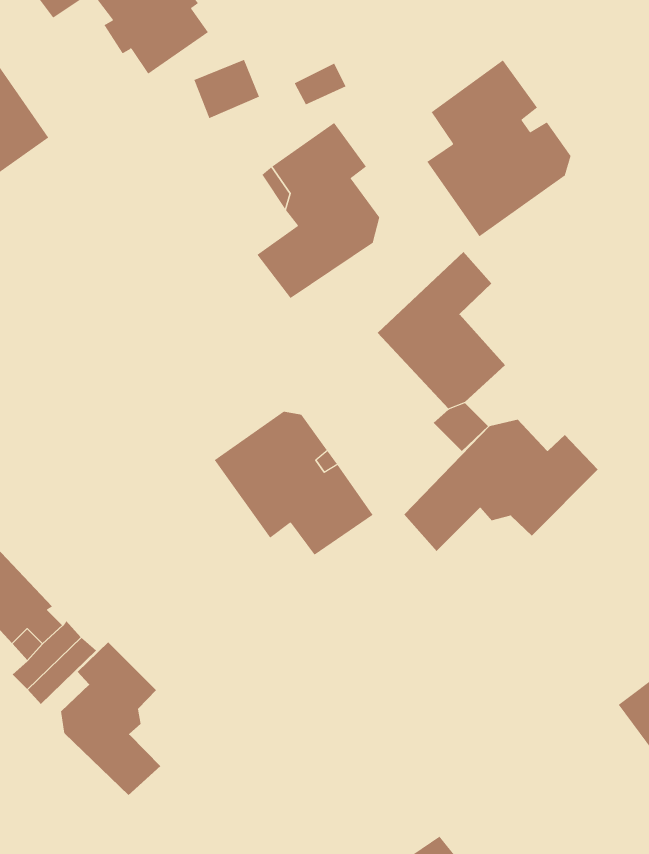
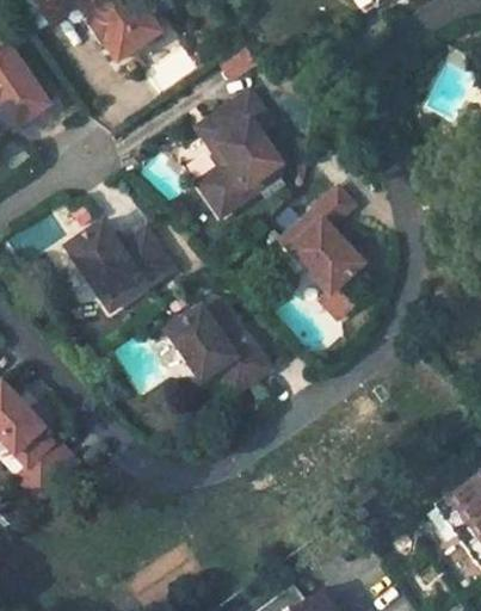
building: [426,59,571,237] -> none
building: none -> [60,214,178,314]
building: [403,419,599,552] -> none
building: [61,642,161,796] -> none

